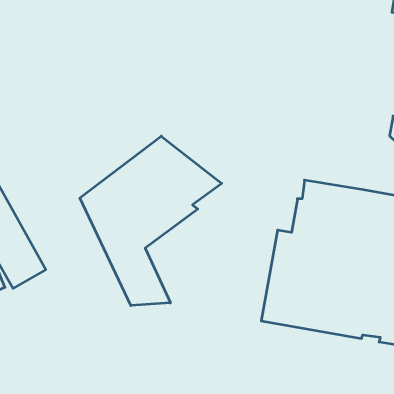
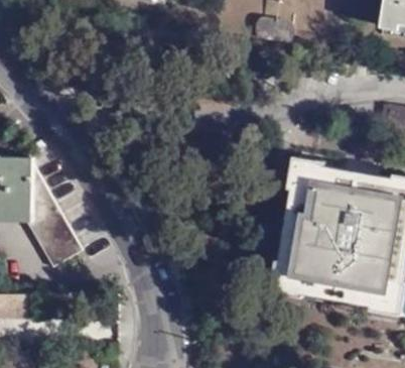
building: [80,136,222,306] -> none

